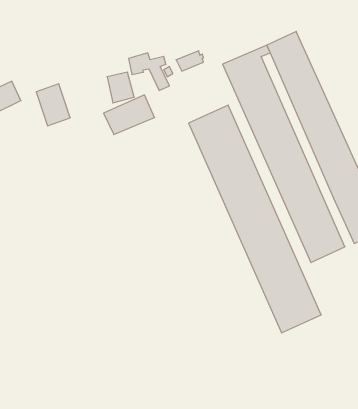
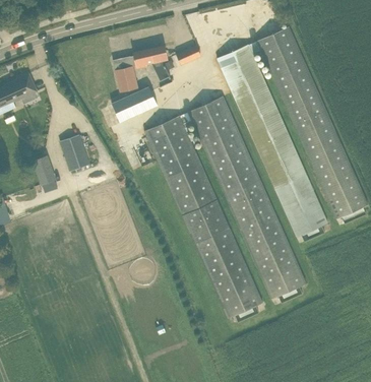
building: [36,84,70,126] -> [60,134,90,172]
building: none -> [144,112,263,319]
building: none -> [33,157,55,185]

